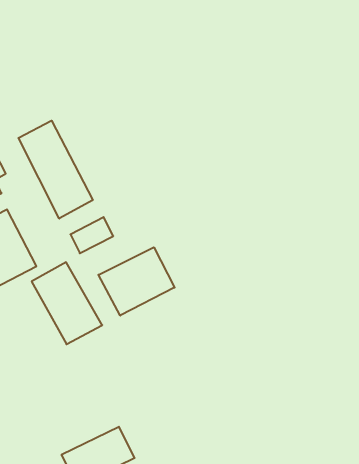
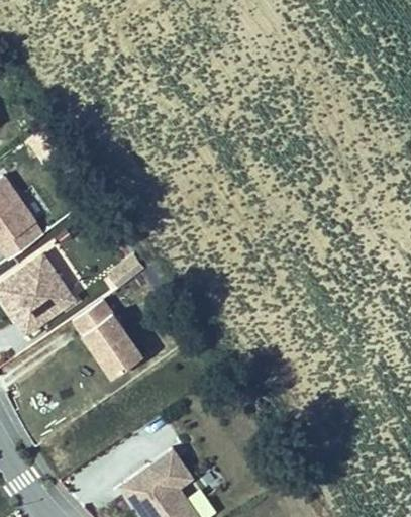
building: [18,121,93,219] -> none
building: [98,247,175,316] -> none

